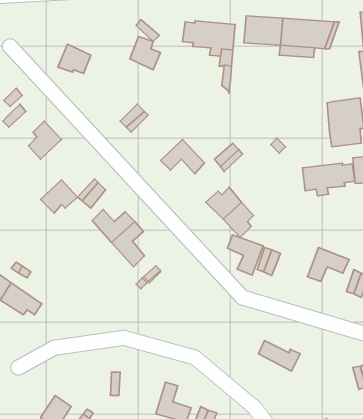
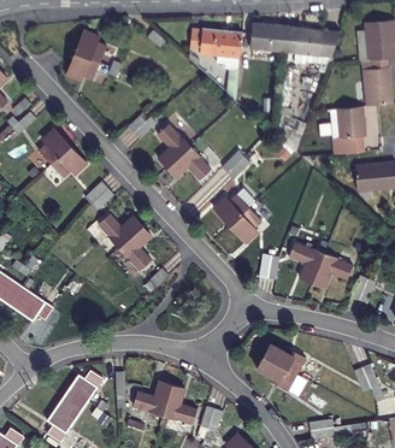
building: [130,37,161,70] -> [76,30,106,63]
building: none -> [157,123,189,166]
building: [302,163,355,196] -> none
building: [41,180,77,213] -> [49,146,86,178]
building: [228,235,263,275] -> [288,241,323,281]
building: none -> [257,356,296,391]
building: none -> [64,371,100,408]
building: none -> [132,381,172,415]

